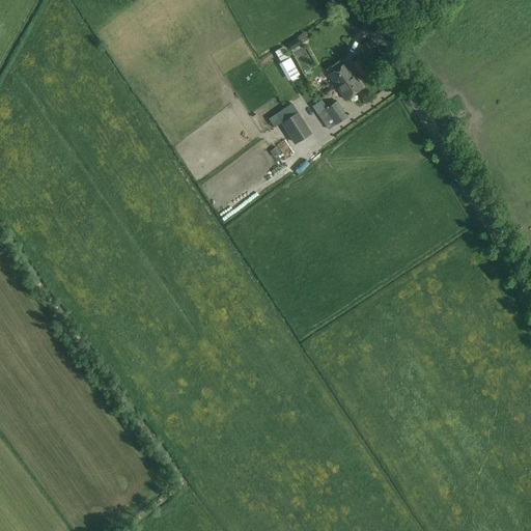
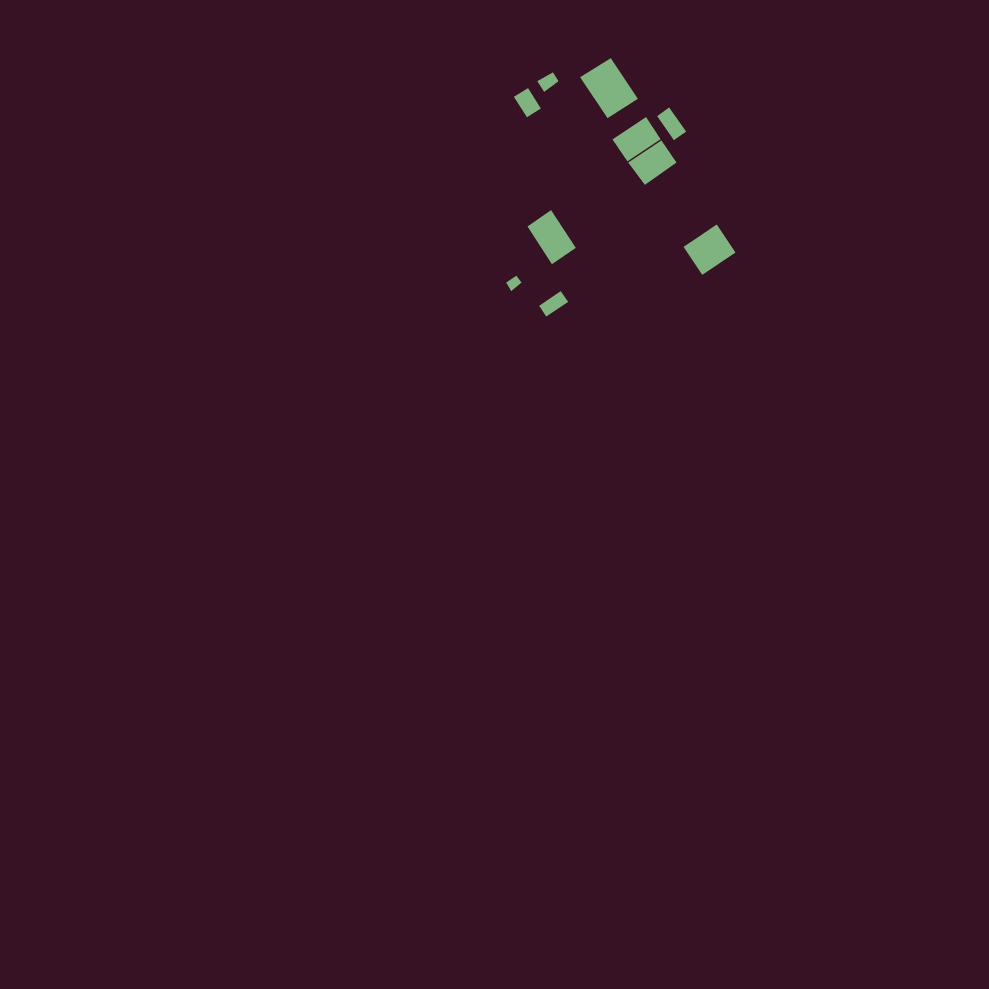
building: none -> [579,57,639,119]
building: [318,101,347,129] -> [682,224,737,276]

